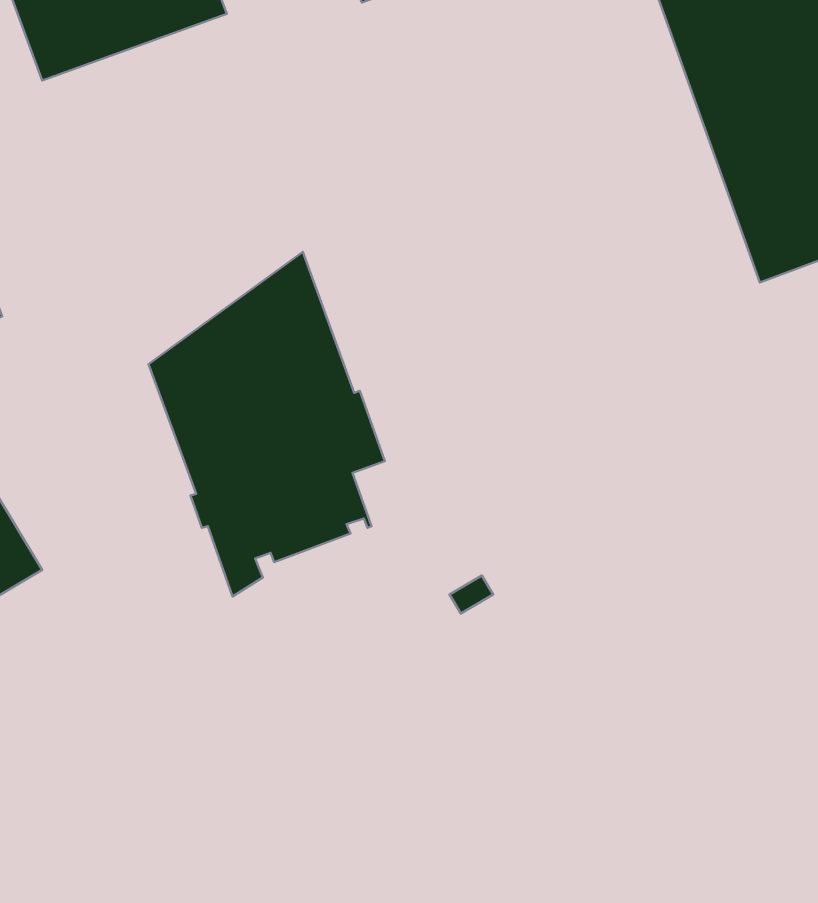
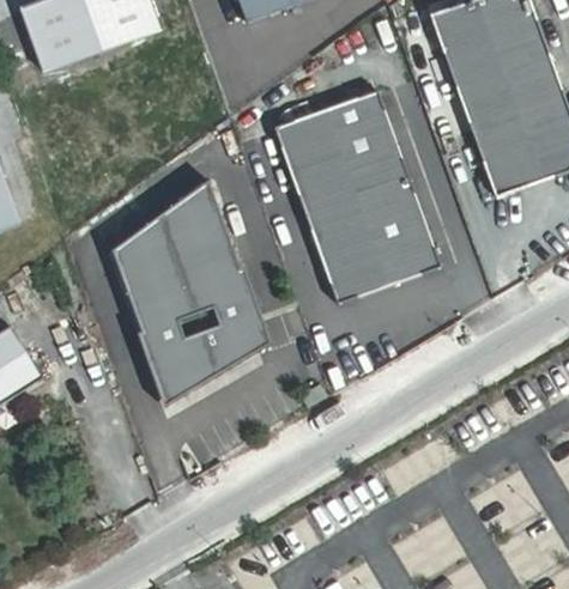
building: none -> [274,91,442,304]

